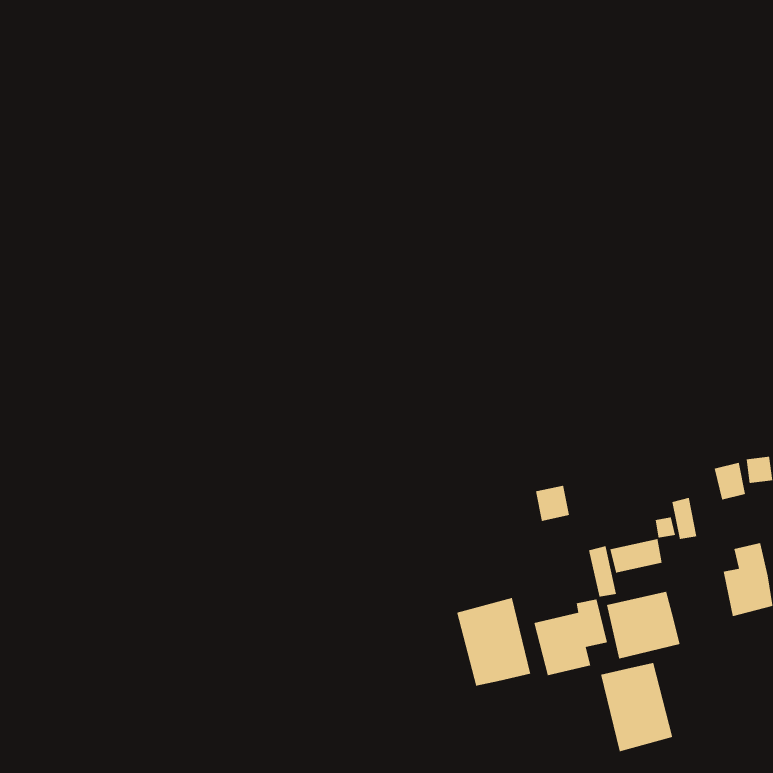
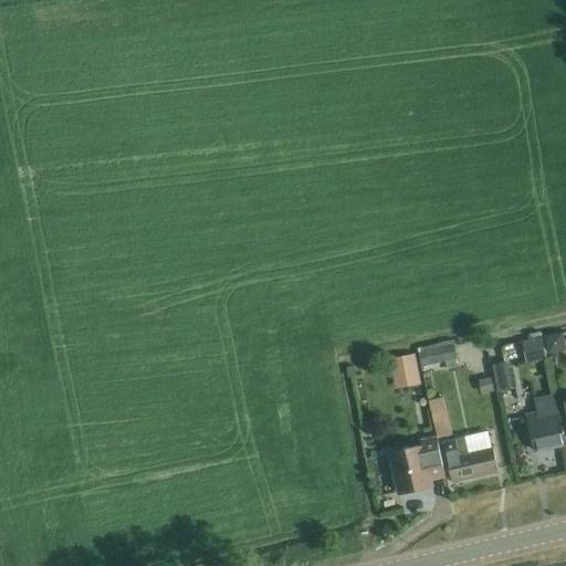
building: [610,538,663,573] -> [417,343,455,368]
building: [457,597,531,686] -> none
building: [601,662,673,752] -> none

